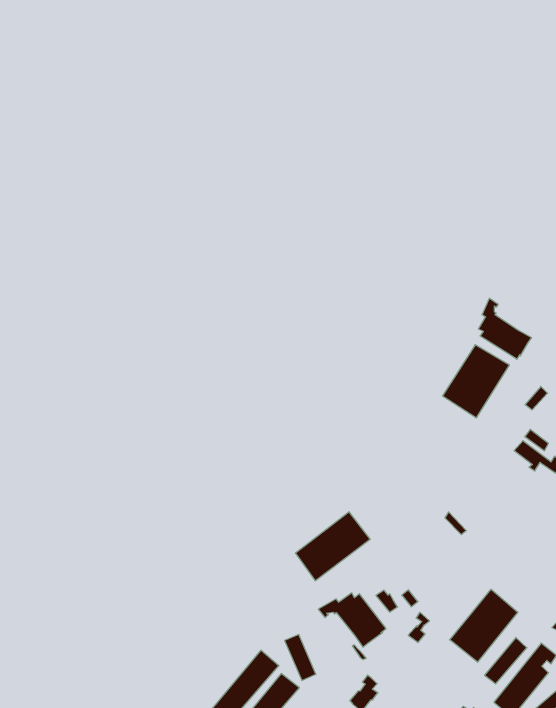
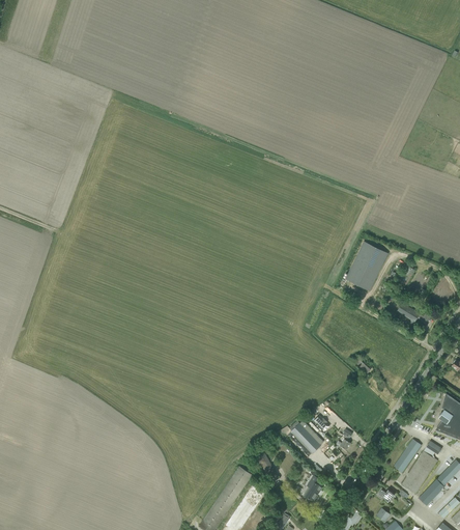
building: [479,298,531,359] -> none
building: [296,512,370,581] -> none
building: [450,589,518,662] -> none

